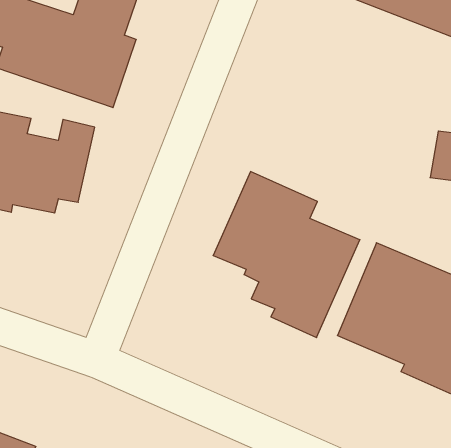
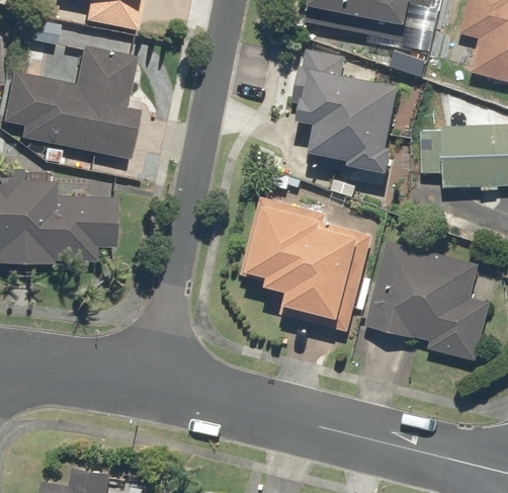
building: none -> [297,50,399,179]

